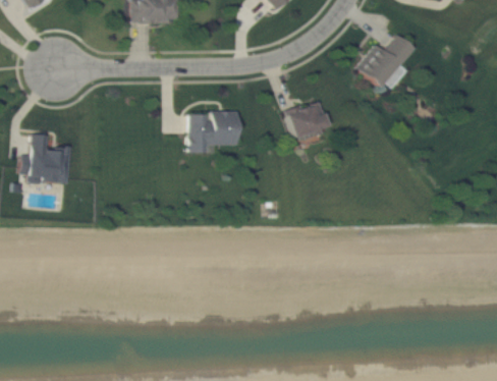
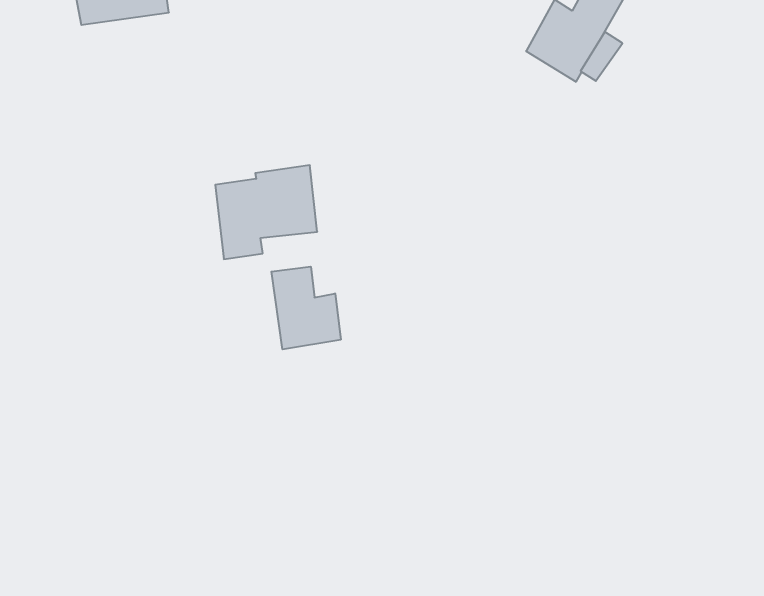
building: [285,99,330,137] -> none
building: none -> [271,267,341,349]

